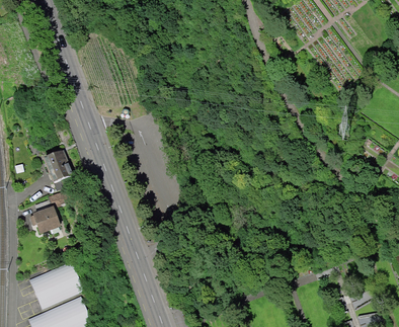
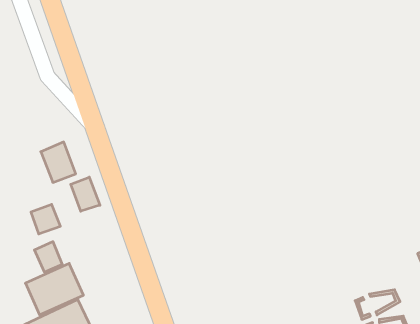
building: none -> [71,177,100,211]
building: none -> [34,242,62,272]

